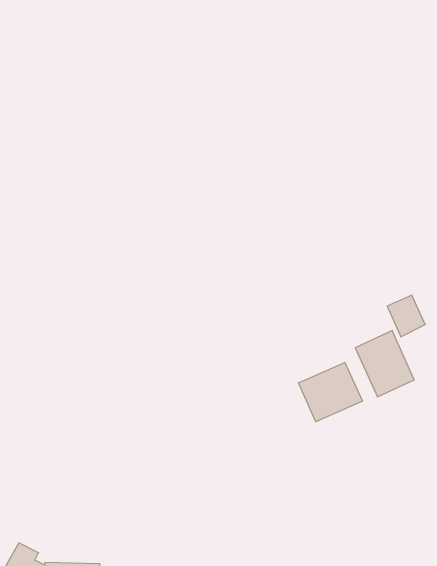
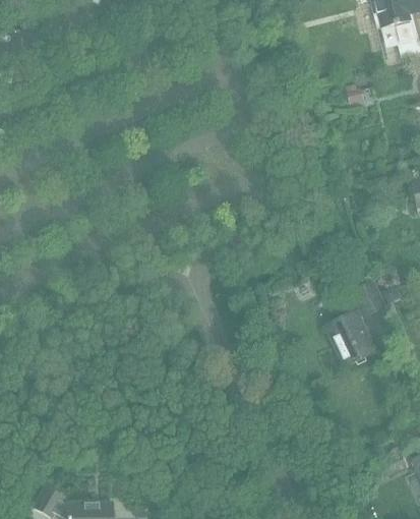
building: [298,362,362,422] -> none

